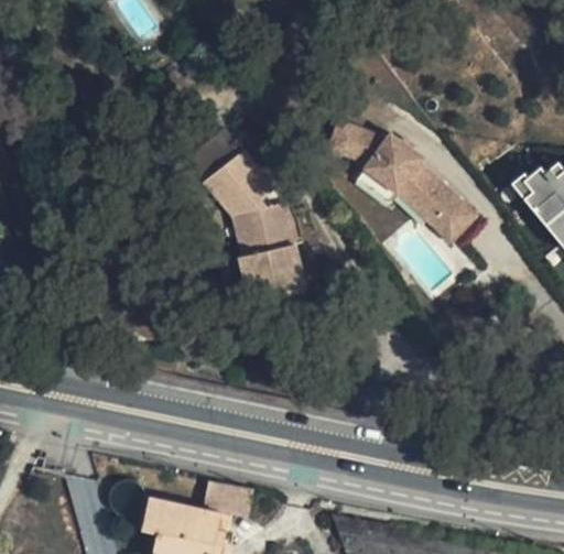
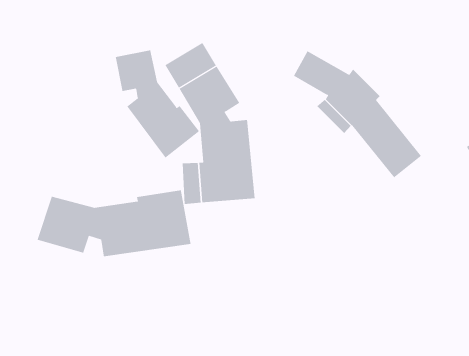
building: none -> [115,50,200,158]
building: none -> [37,189,191,257]

